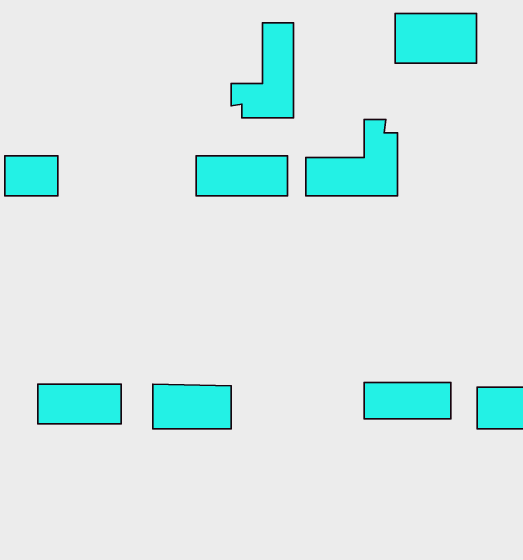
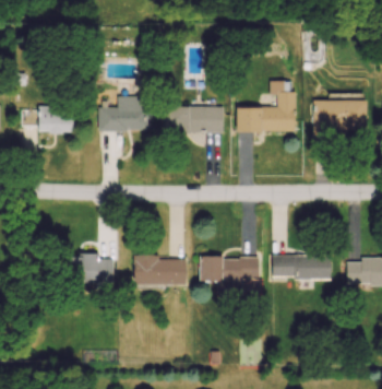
building: [395,13,477,63] -> [312,101,366,133]
building: [231,23,294,118] -> none
building: none -> [99,96,147,131]
building: none -> [199,257,259,297]

